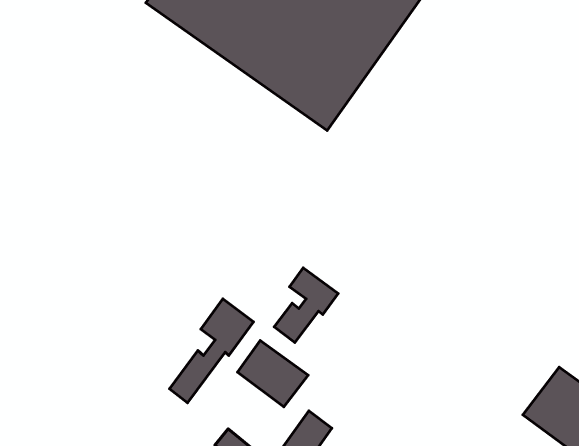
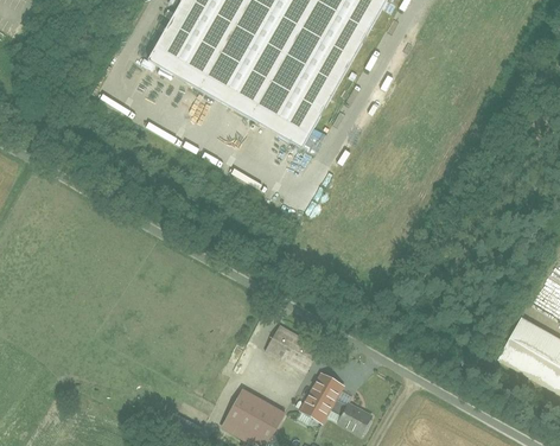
building: [274,268,338,342] -> none
building: [169,299,254,403] -> none

